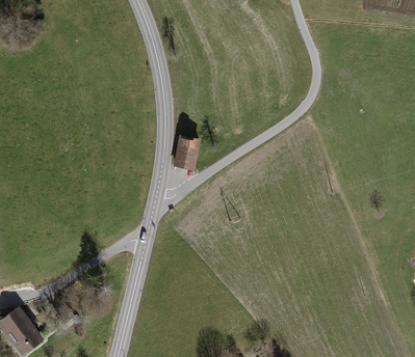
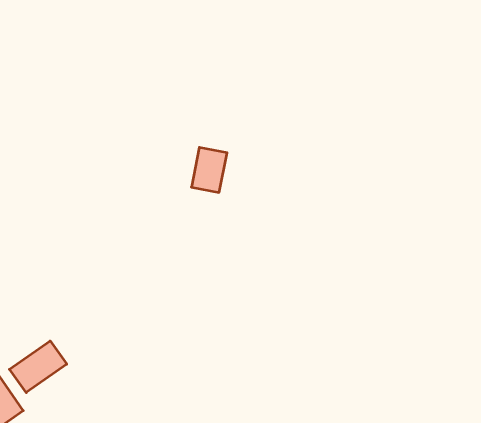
building: none -> [9,341,67,393]

